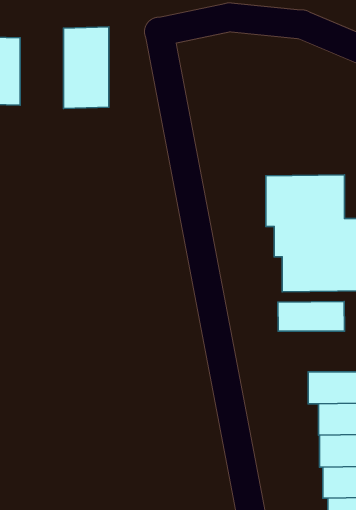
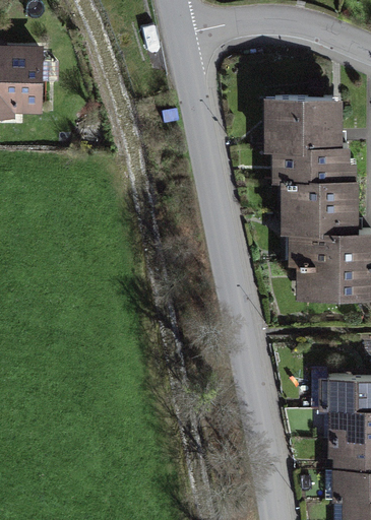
building: [63,27,109,108] -> none
building: none -> [264,98,358,185]
building: [278,301,345,331] -> none

